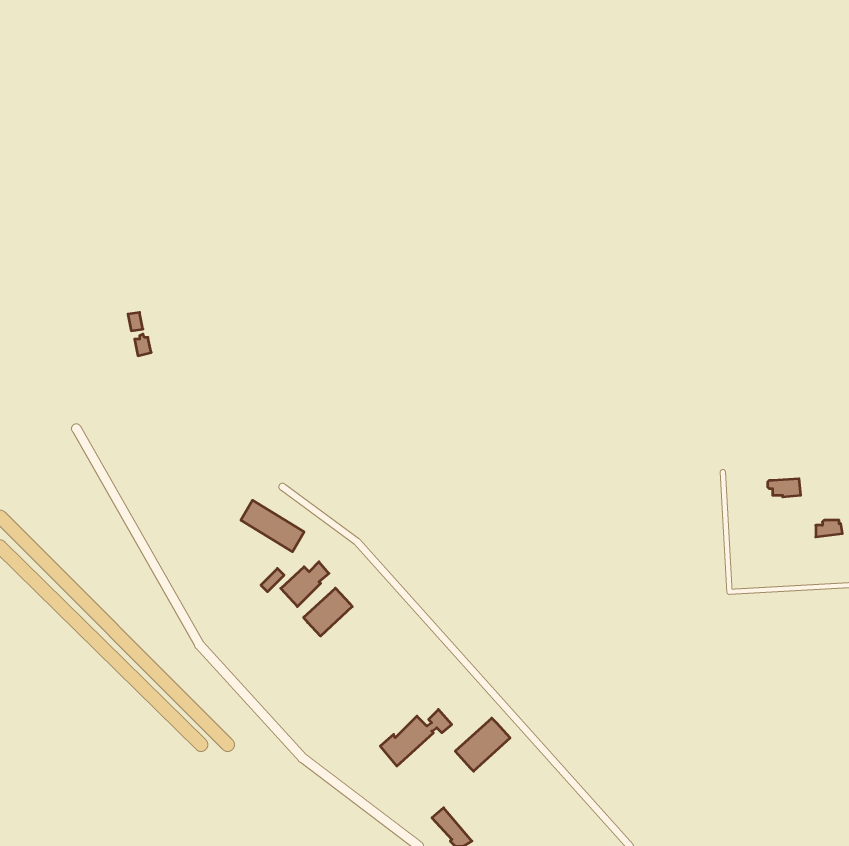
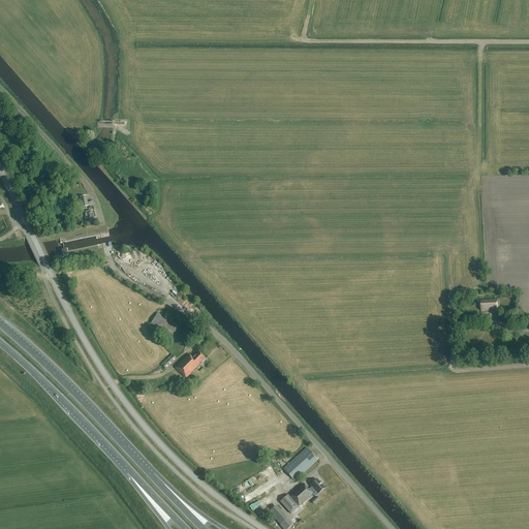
building: [304,588,352,636] -> none
building: [380,709,452,766] -> [280,477,324,512]

